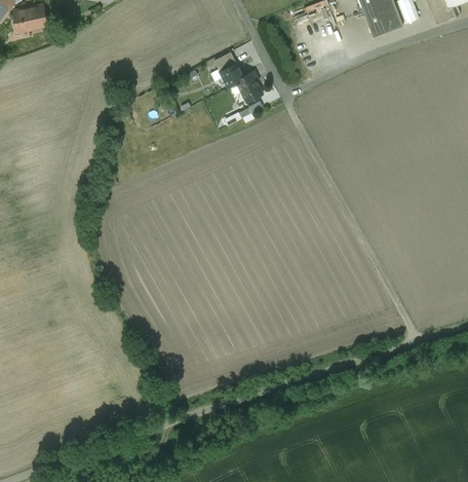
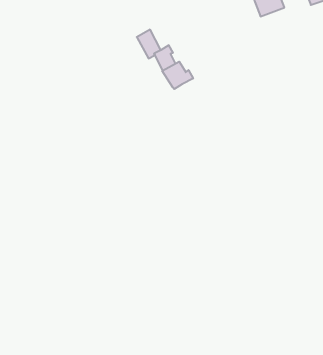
building: none -> [162,62,193,89]

